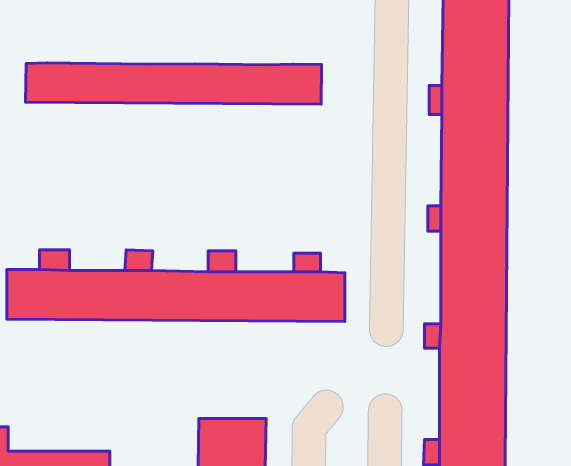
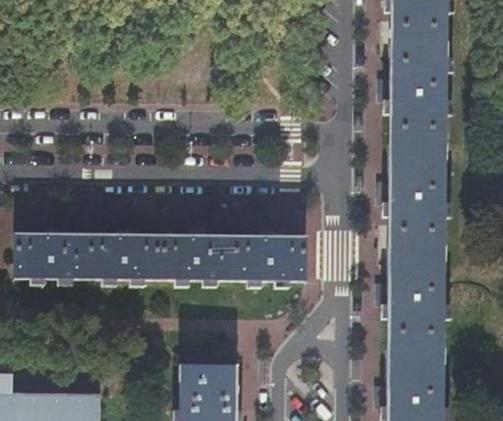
building: [26,63,322,104] -> none

